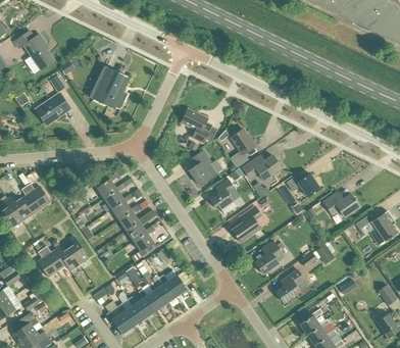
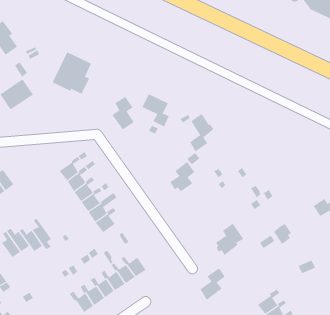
building: [189,151,212,186] -> [112,96,134,130]
building: [246,155,280,181] -> none
building: [286,173,320,197] -> none
building: [323,192,360,217] -> none
building: [232,206,262,243] -> none
building: [277,269,303,303] -> [200,268,226,301]

